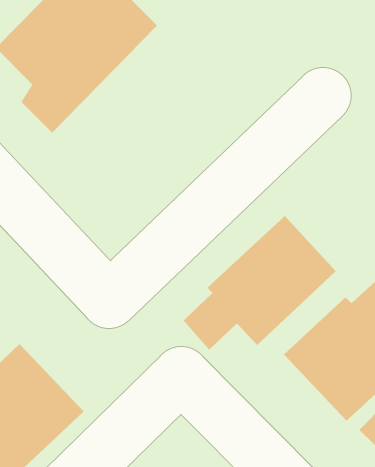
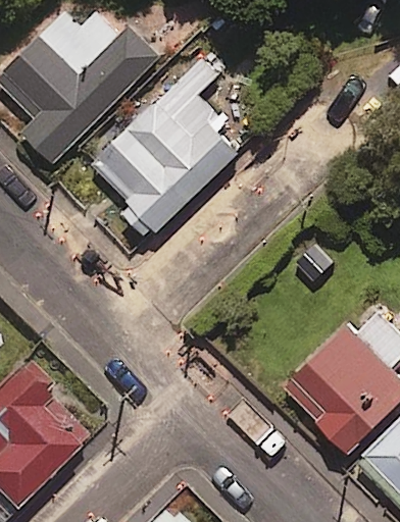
building: none -> [93,56,245,239]
building: [183,215,337,350] -> none

